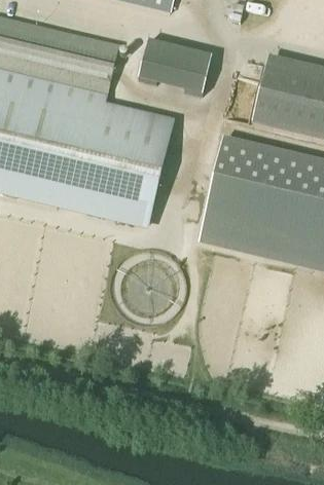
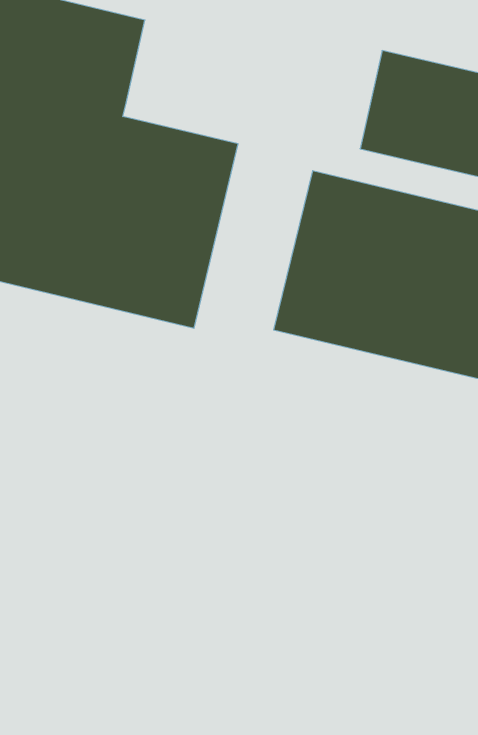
building: [136,38,212,95] -> none

